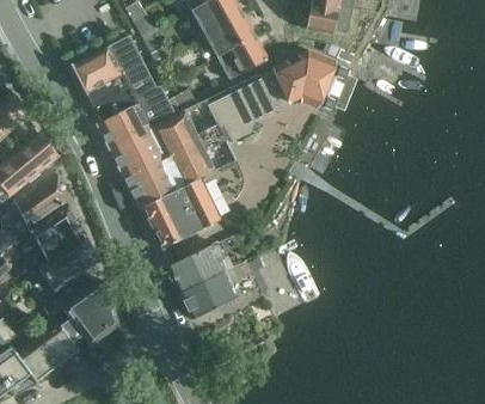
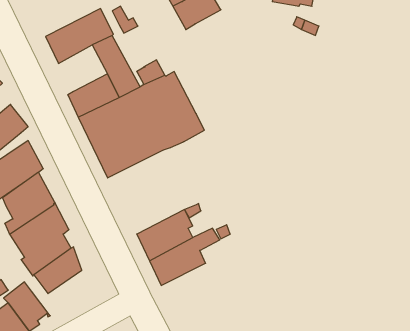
building: [217,37,266,78] -> none
building: [205,51,350,143] -> none
building: [87,73,137,121] -> none
building: [142,178,220,249] -> none
building: [60,304,118,353] -> none

